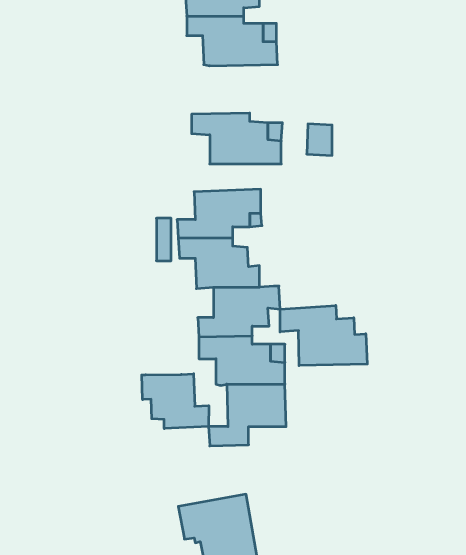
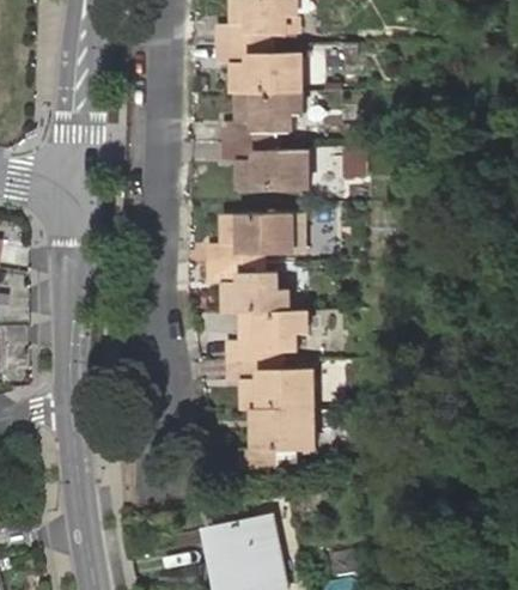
building: none -> [221,90,306,139]
building: [280,305,367,366] -> none
building: [142,374,209,429] -> none

